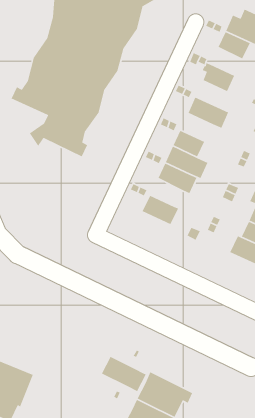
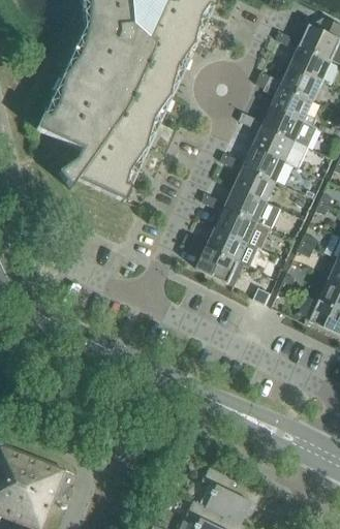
building: none -> [281,65,321,100]
building: none -> [262,106,315,146]
building: none -> [244,147,284,182]
building: none -> [207,227,256,267]
building: [101,356,147,392] -> none

